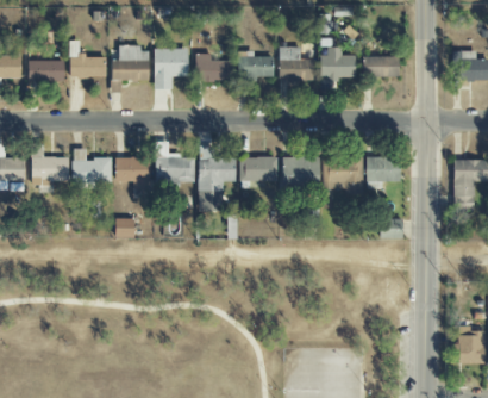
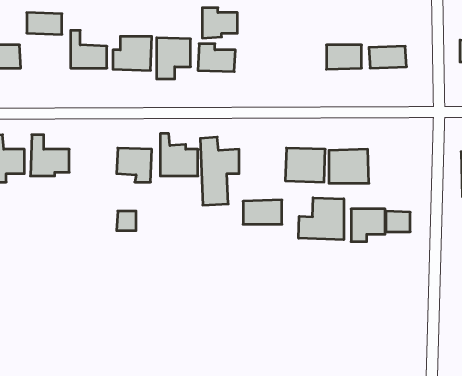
building: [279,46,314,81] -> none
building: [239,51,274,81] -> [202,8,237,38]
building: [30,60,64,81] -> [27,13,62,34]
building: [73,149,112,186] -> none
building: [239,156,277,180] -> [243,200,282,224]
building: [367,156,400,188] -> [351,209,385,242]
building: none -> [299,198,344,240]

